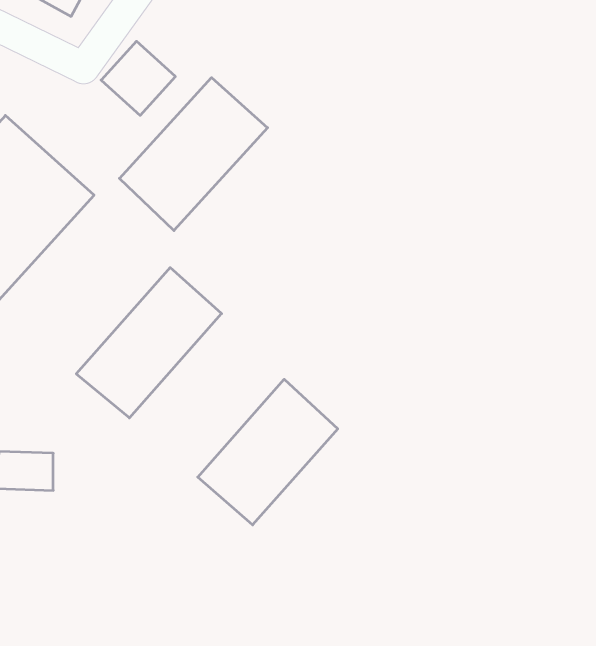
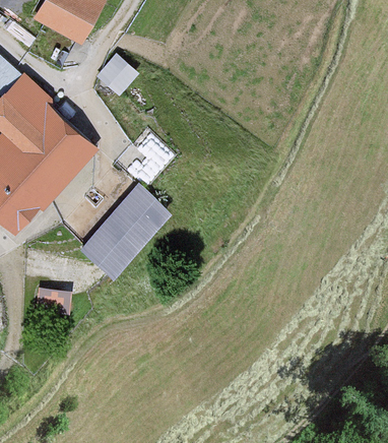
building: [119,78,268,231] -> none
building: [198,379,338,525] -> none

